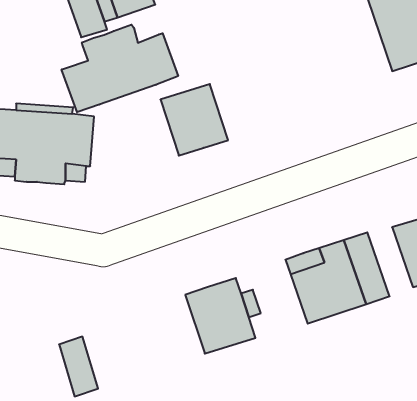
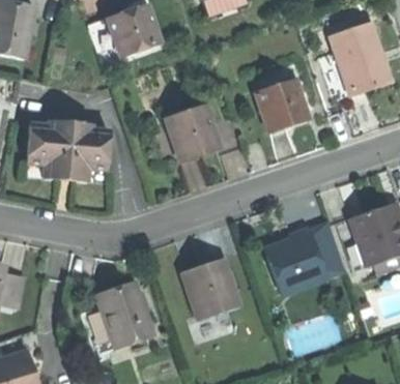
building: [62,25,178,112] -> none
building: none -> [254,77,308,131]
building: none -> [99,287,153,346]

